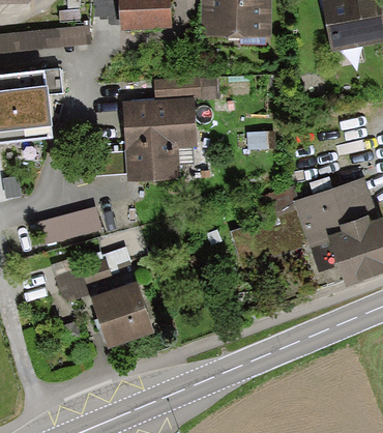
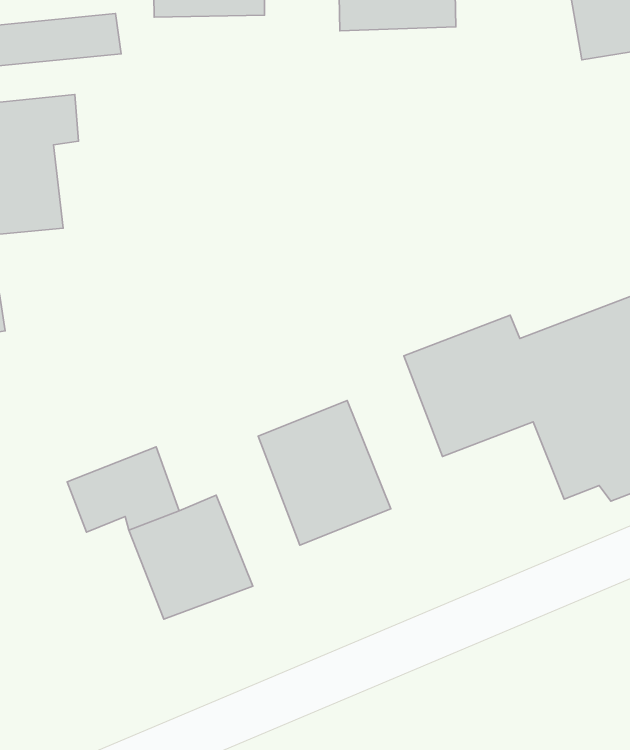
building: [122,76,218,181] -> none
building: [37,204,104,239] -> none
building: none -> [258,401,391,545]

